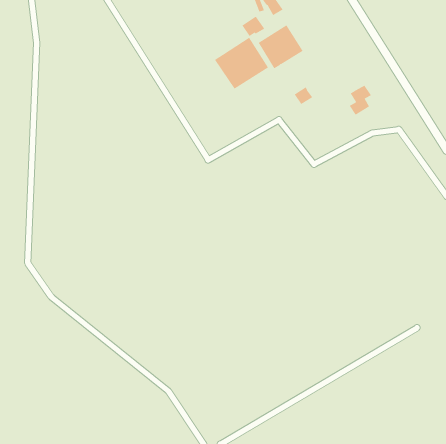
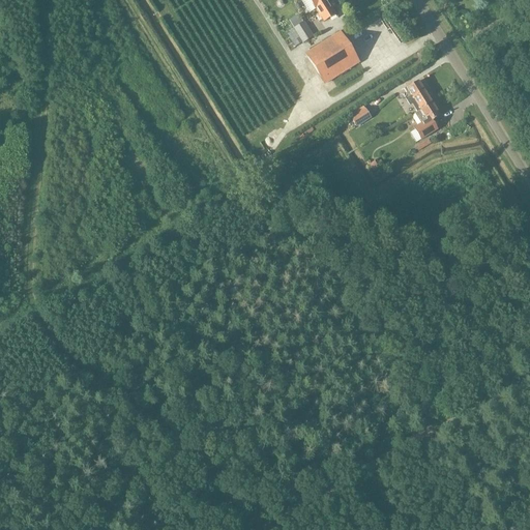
building: [214,37,269,90] -> none
building: none -> [407,79,433,109]

